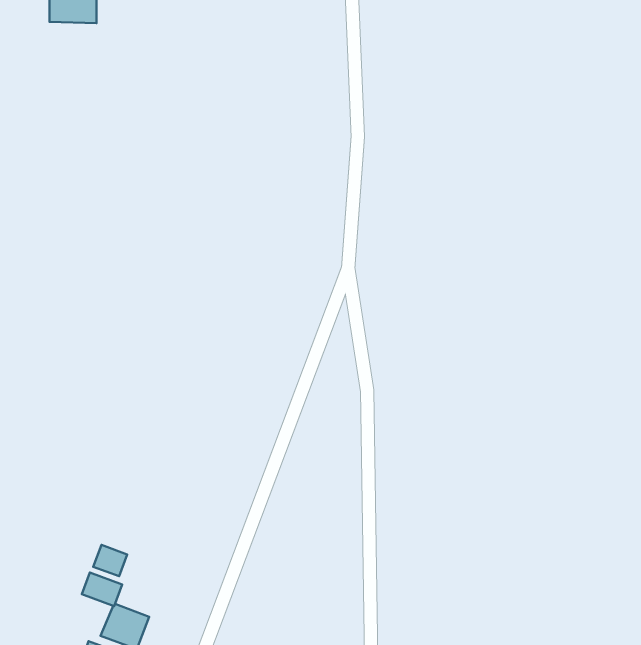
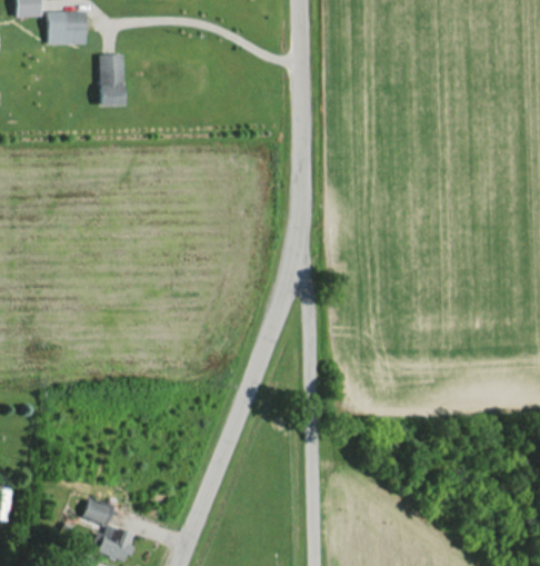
building: none -> [99,54,128,106]
building: [93,545,127,576] -> none

